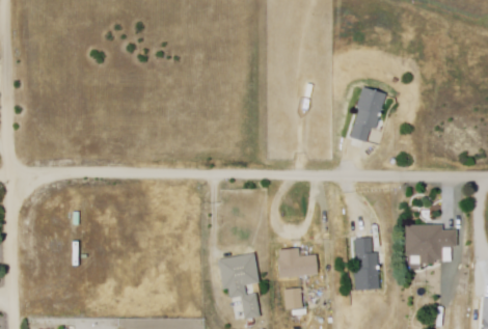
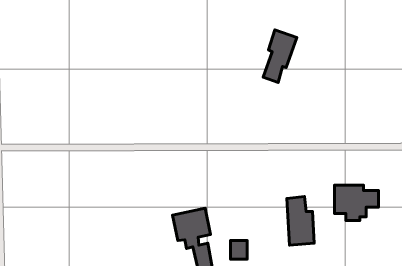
building: [349,82,388,144] -> [263,30,297,82]
building: [278,246,319,279] -> none

